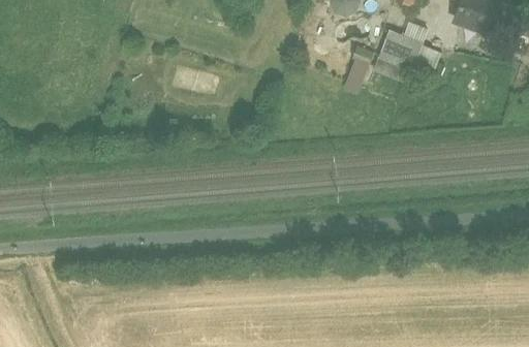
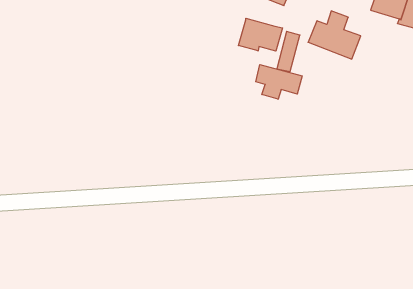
building: none -> [238,18,283,51]
building: none -> [256,65,302,99]

